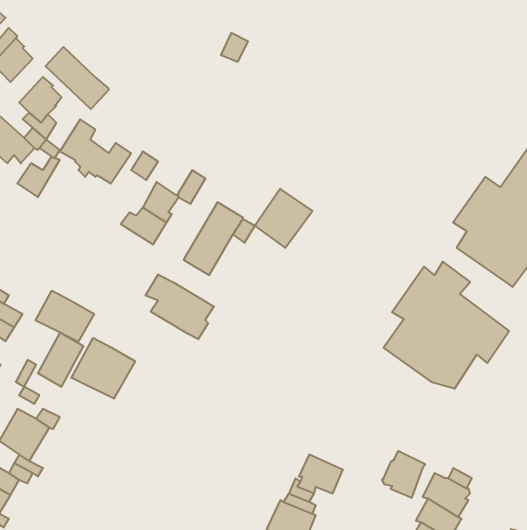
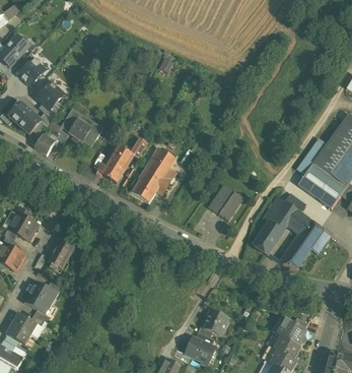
building: [46,47,109,109] -> none
building: [255,189,312,248] -> [209,184,243,220]
building: [146,274,214,339] -> none
building: [36,291,94,342] -> none
building: [71,338,135,399] -> none
building: [382,451,425,498] -> none

